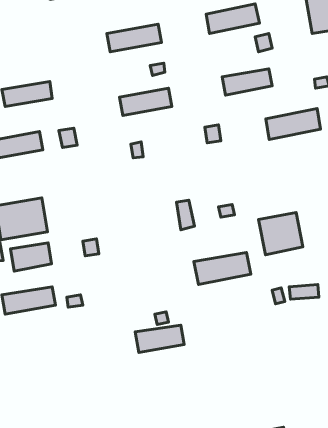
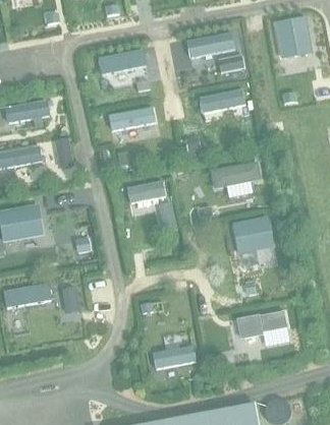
building: [266,109,321,139] -> [211,160,260,187]
building: none -> [126,180,165,205]
building: [10,243,51,271] -> none
building: [194,252,251,284] -> [237,309,288,338]
building: [135,325,184,353] -> [152,345,196,369]

